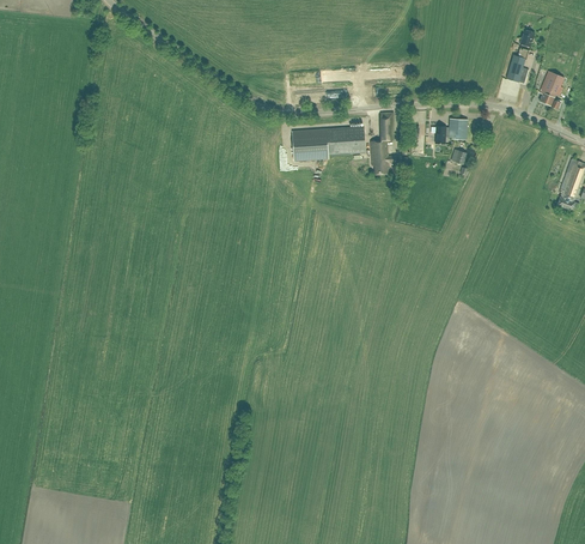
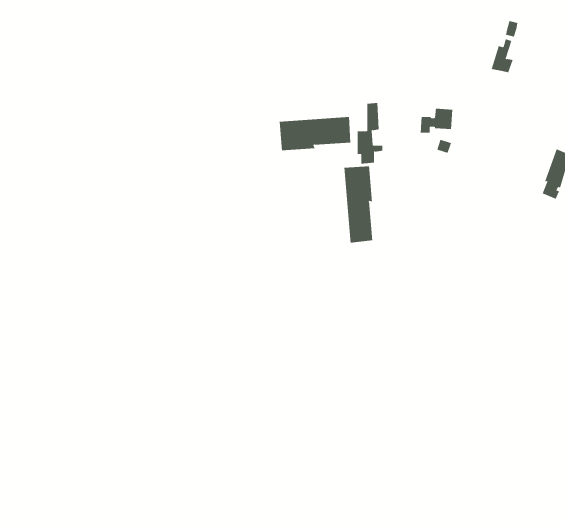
building: [537,69,563,108] -> none
building: none -> [344,166,373,243]

